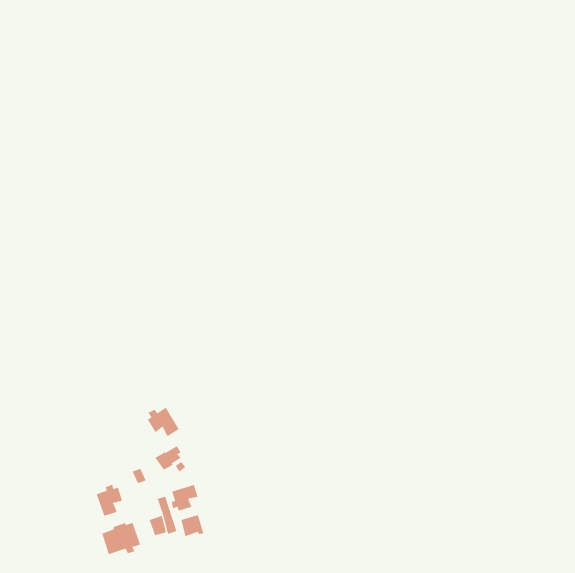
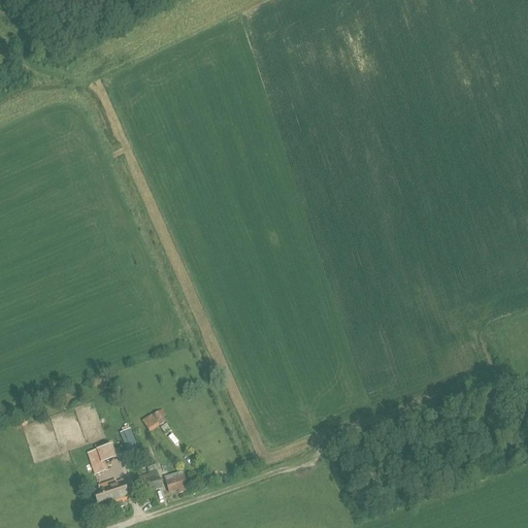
building: [147,407,179,437] -> none
building: [171,484,198,511] -> none

